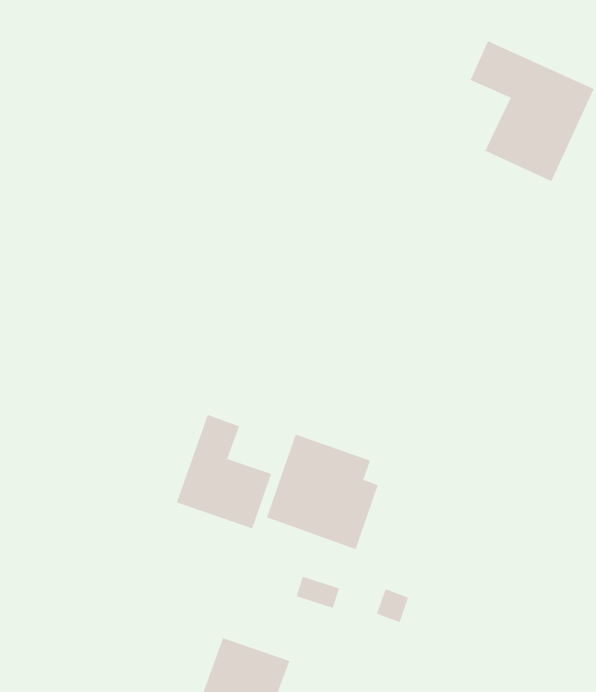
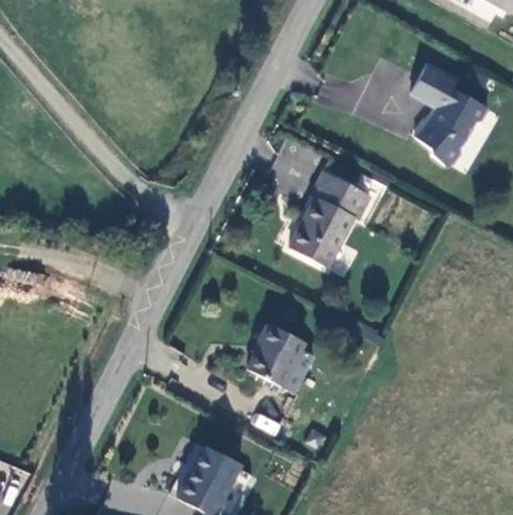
building: none -> [286,167,375,270]
building: [176,414,272,529] -> none

